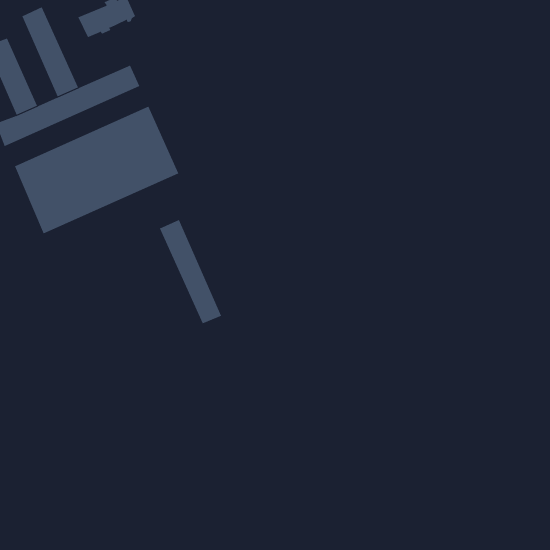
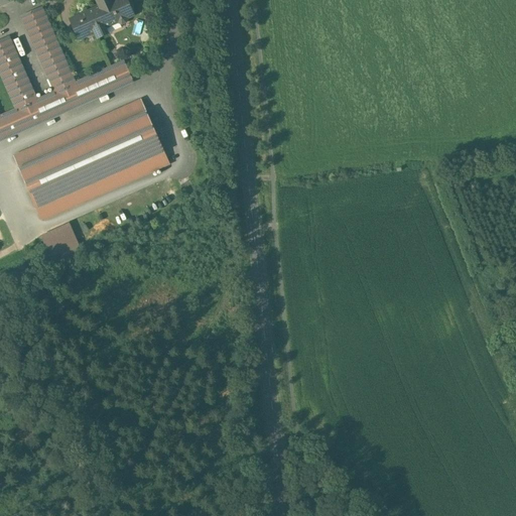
building: [159,219,222,324] -> none
building: none -> [39,222,80,262]

